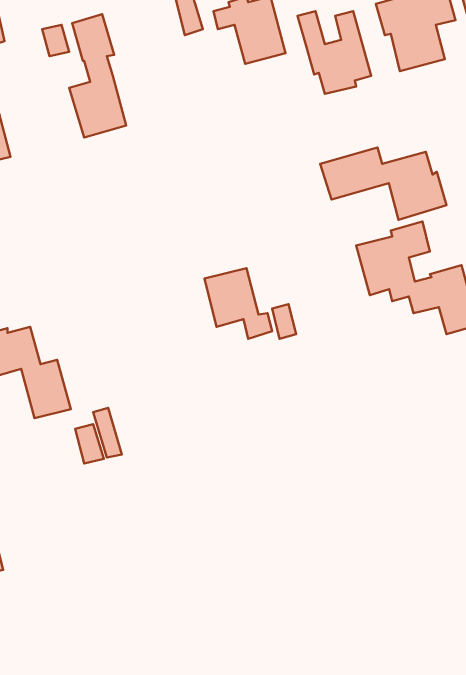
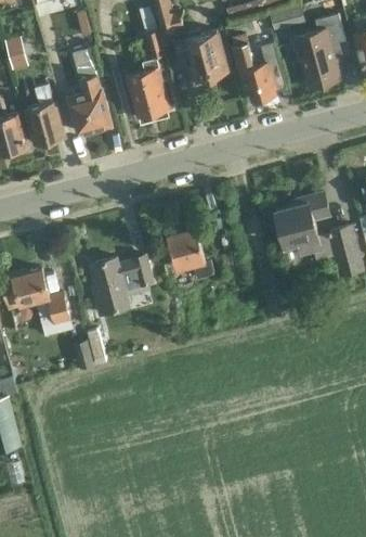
building: none -> [127,65,170,122]
building: none -> [25,84,64,145]
building: [320,147,446,220] -> none
building: none -> [92,256,153,315]

